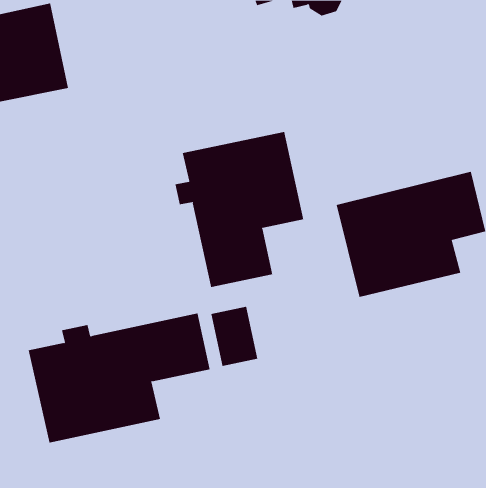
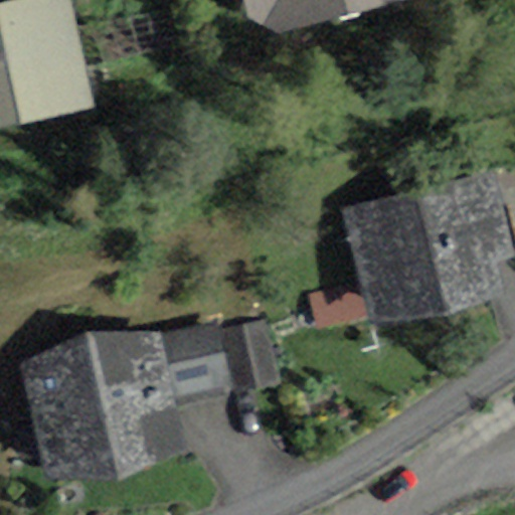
building: [175,131,304,288] -> none

